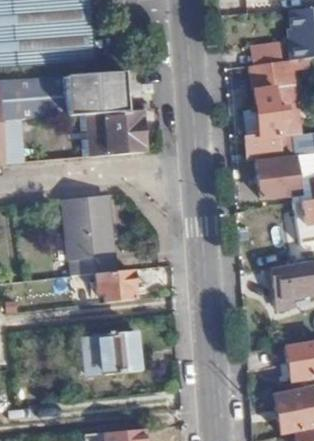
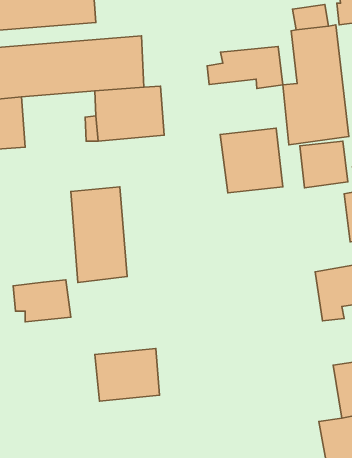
building: none -> [207,47,283,89]
building: none -> [220,128,283,193]
building: [89,268,137,303] -> [13,280,71,322]

